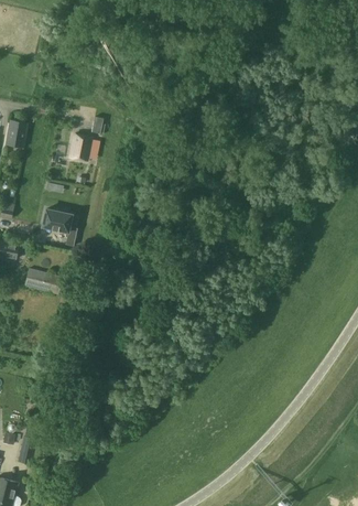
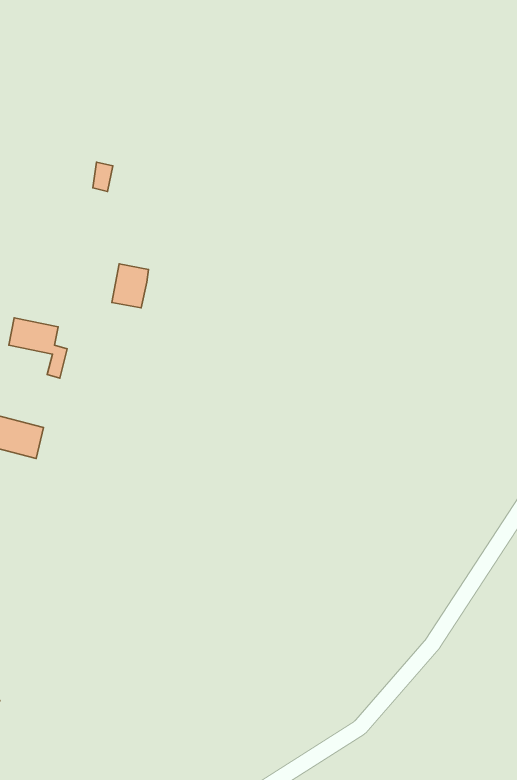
building: [69,133,91,160] -> [112,264,149,308]

